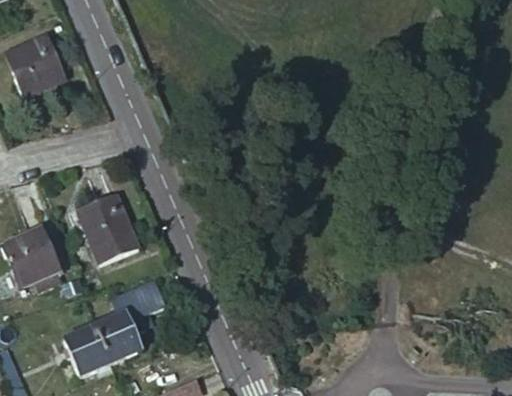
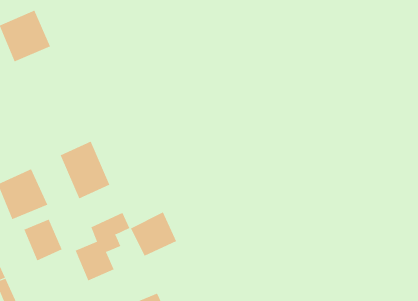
building: none -> [130,211,177,257]
building: [64,325,111,376] -> [23,219,62,261]

